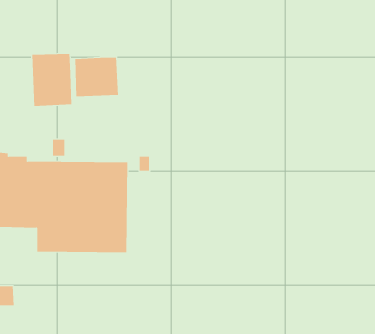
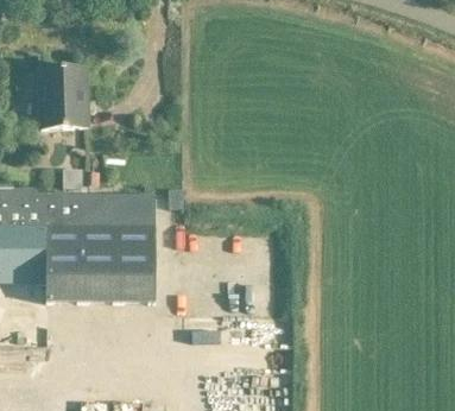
building: [75,57,118,97] -> none

